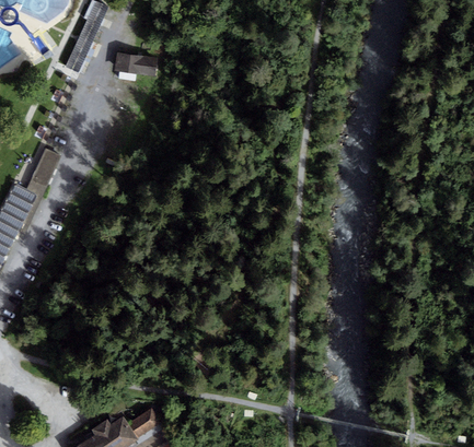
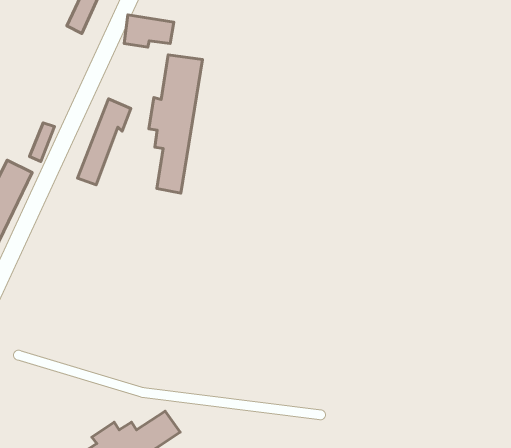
building: none -> [149,55,202,193]
building: none -> [77,99,131,185]

